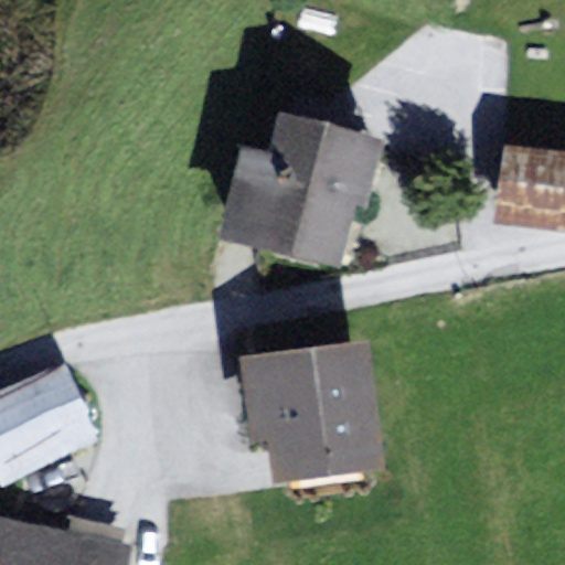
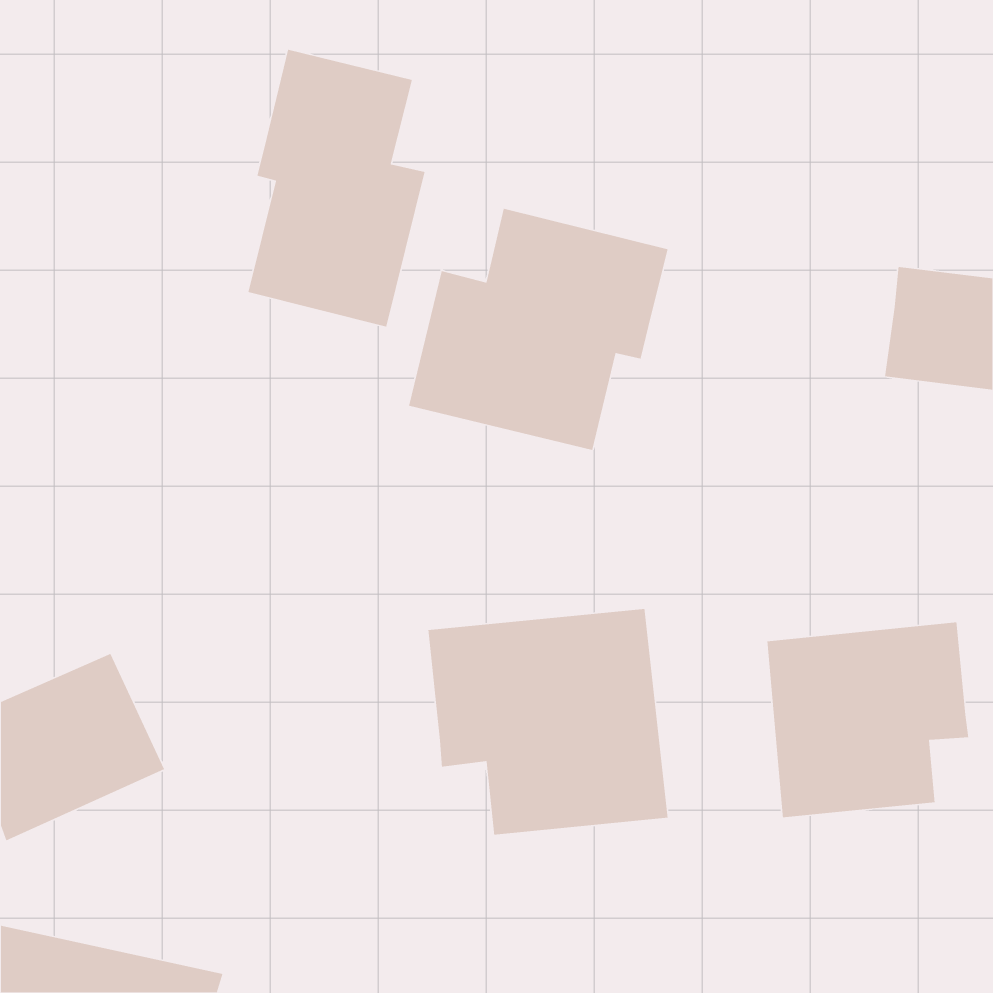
building: none -> [248,49,426,328]
building: none -> [767,622,969,818]

